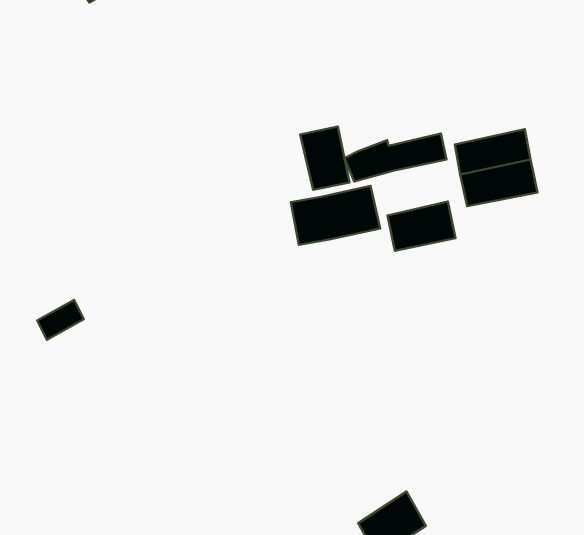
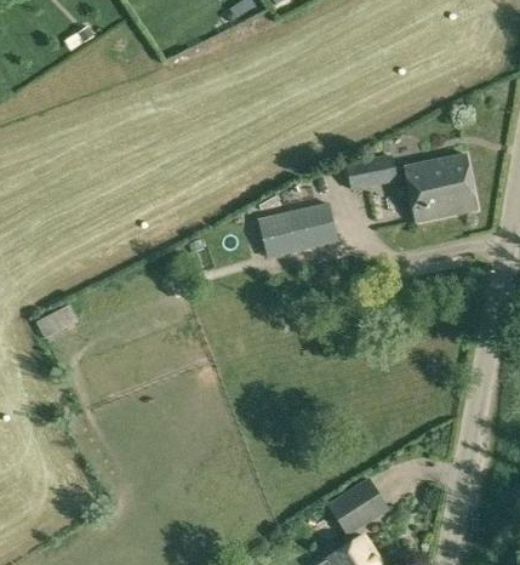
building: [300,127,349,190] -> none
building: [388,202,456,251] -> none

